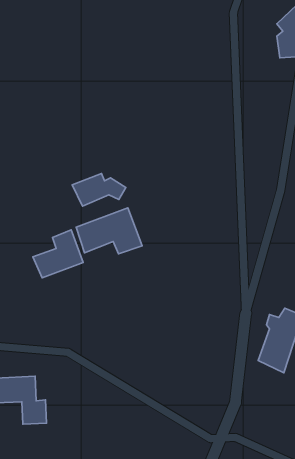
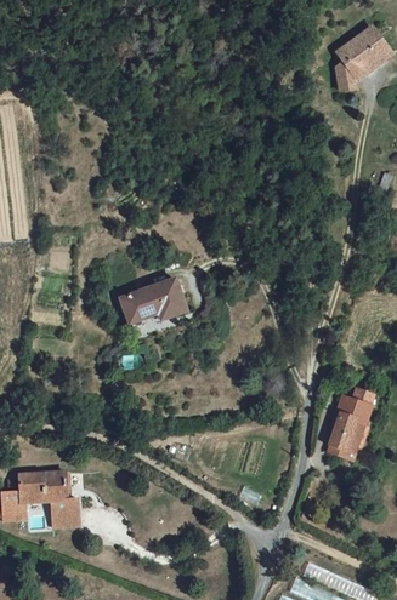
building: [72,174,126,206] -> none
building: [33,230,83,278] -> none

